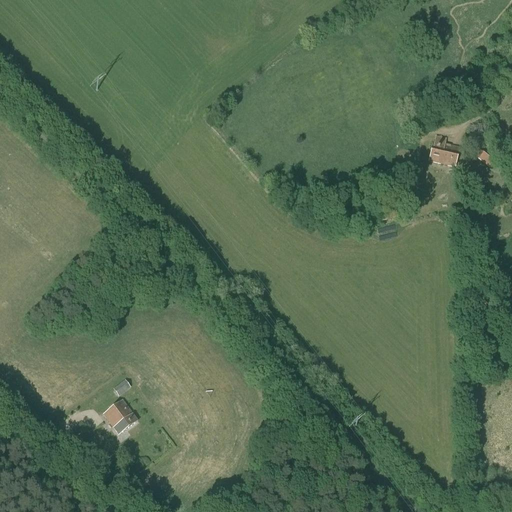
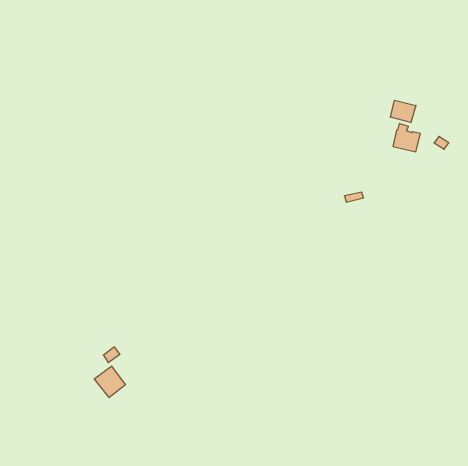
building: none -> [390,100,416,123]

